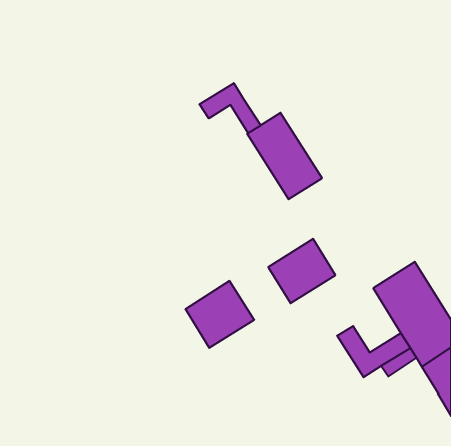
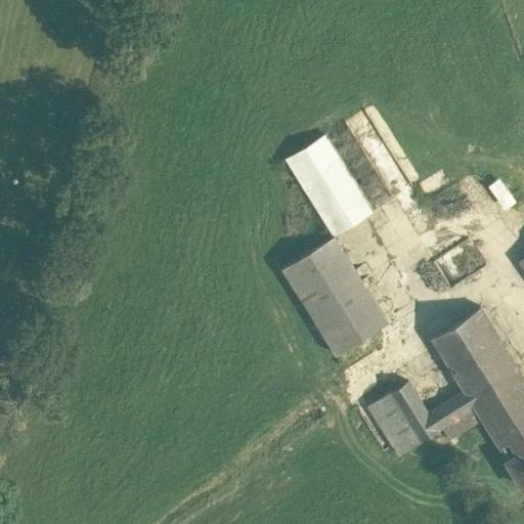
building: [199,83,261,133] -> none
building: [185,281,254,348] -> [283,237,363,315]
building: none -> [369,395,422,457]

